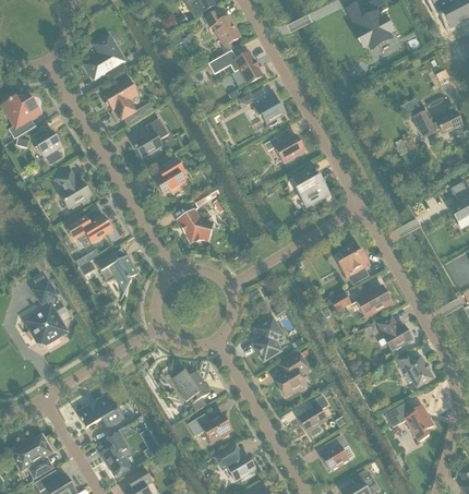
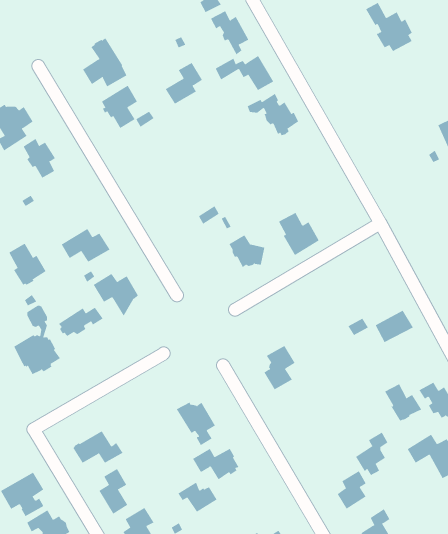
building: [133,118,168,157] -> [165,62,203,105]
building: [264,134,305,162] -> none
building: [155,157,187,195] -> none
building: [291,167,329,207] -> [278,212,319,256]
building: [56,169,91,208] -> [9,243,46,285]
building: [178,210,212,241] -> [228,235,265,268]
building: [338,242,370,284] -> none
building: none -> [58,307,104,337]
building: [377,315,412,350] -> [384,383,422,421]
building: [275,353,308,396] -> none
building: [298,395,328,435] -> [355,432,388,476]
building: [218,451,255,480] -> [177,482,218,513]

